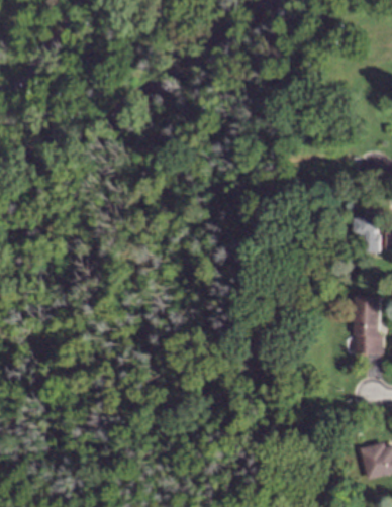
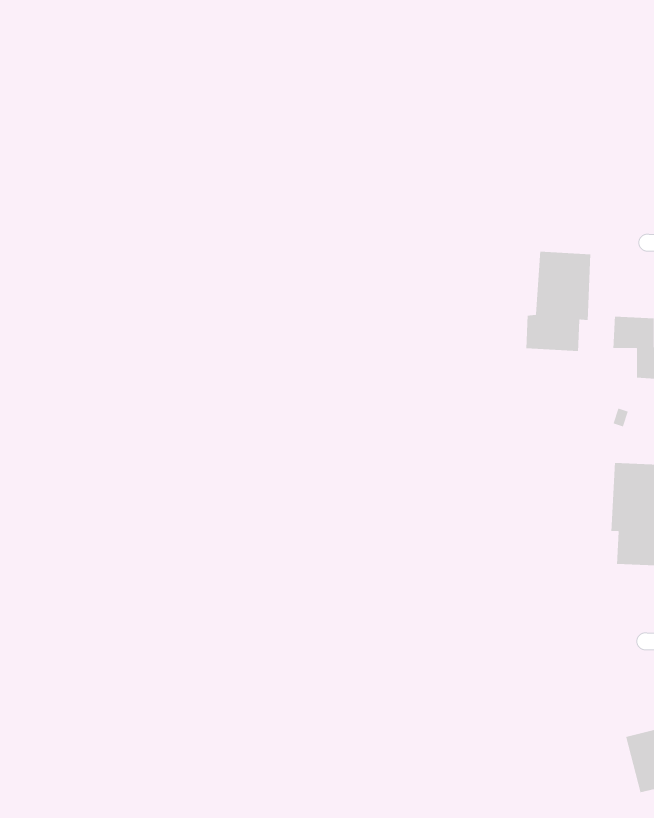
building: none -> [525,251,591,352]

